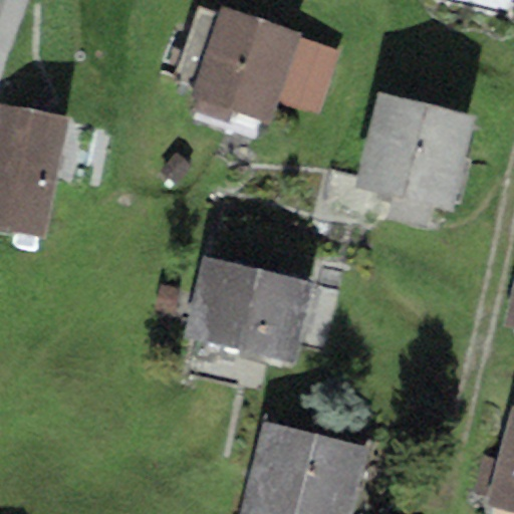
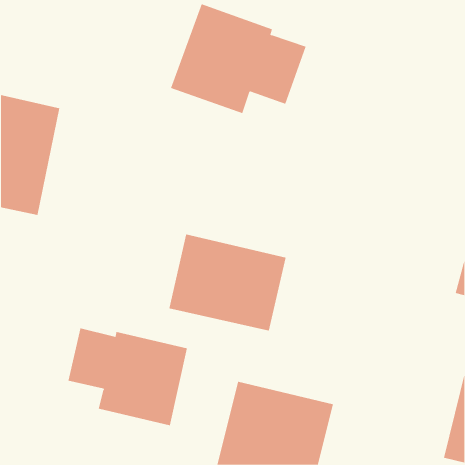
building: [351,90,477,213] -> none
building: none -> [68,327,188,426]

